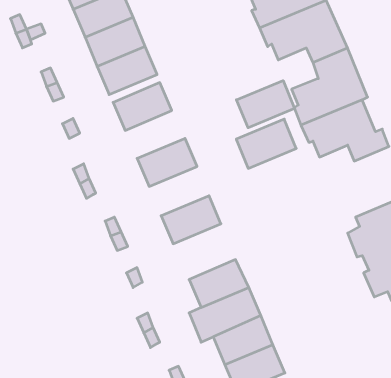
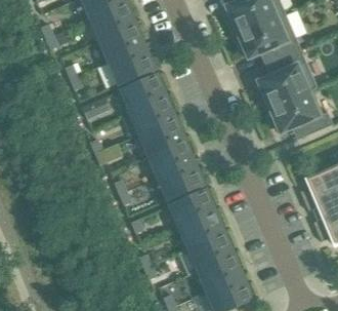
building: [236,81,295,128] -> none
building: none -> [130,95,176,132]
building: [236,119,296,168] -> [149,139,195,177]
building: none -> [170,189,215,226]

